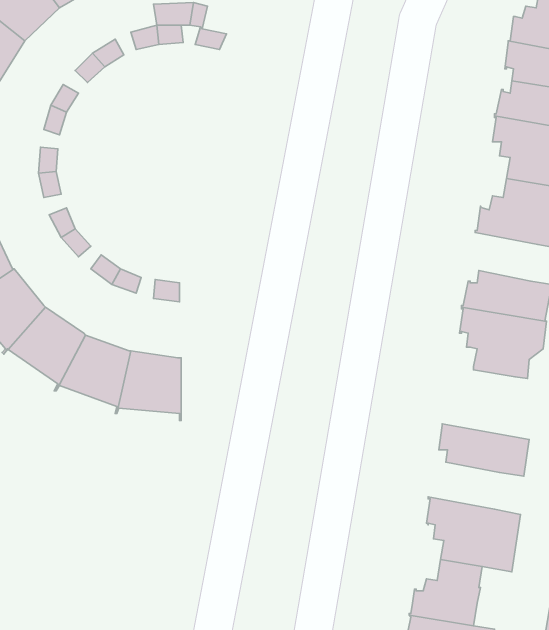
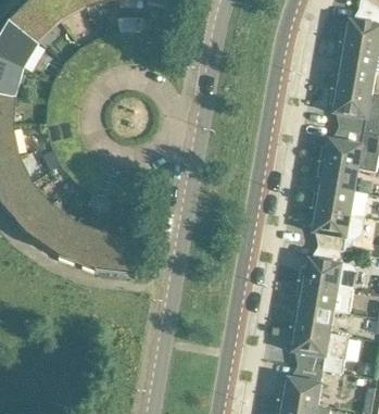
building: none -> [316,160,357,190]
building: none -> [298,246,355,289]
building: none -> [289,303,333,333]

